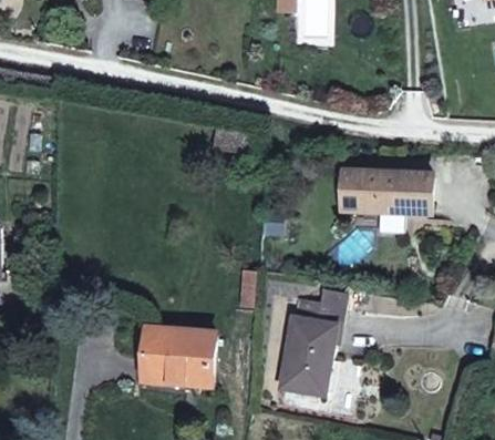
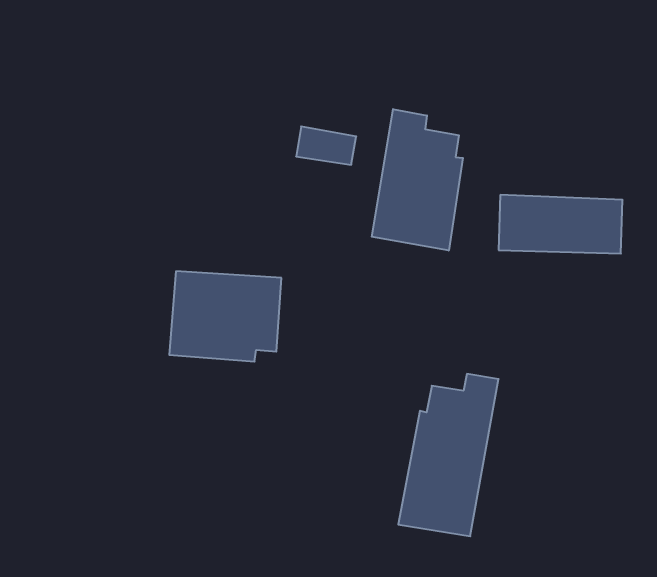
building: none -> [372,109,463,251]
building: [145,328,219,388] -> [169,271,281,362]

